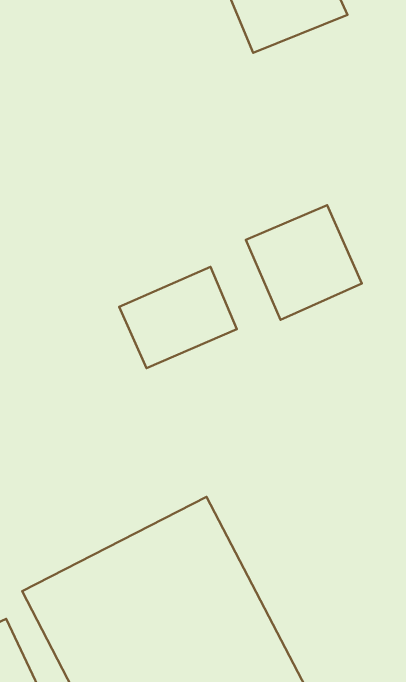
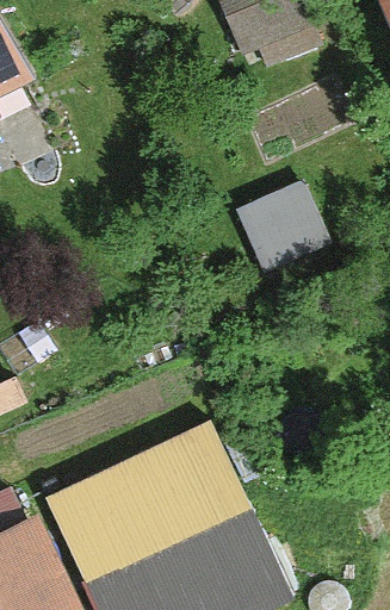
building: [119,267,237,368] -> none

